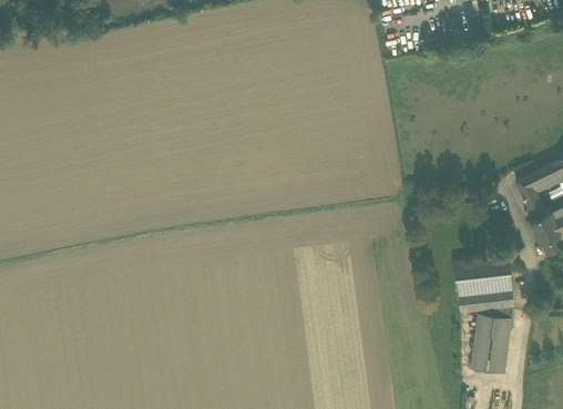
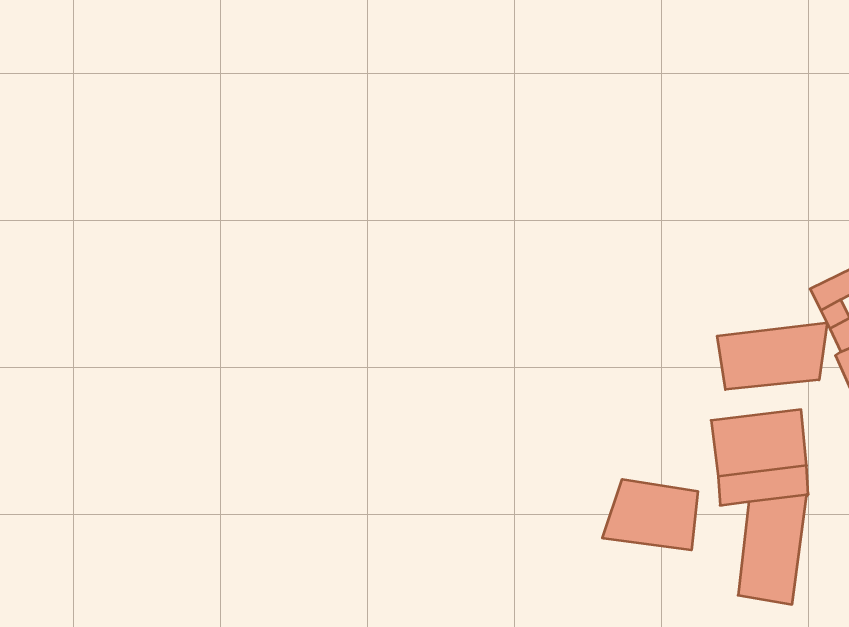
building: none -> [717,323,827,390]
building: none -> [602,479,698,550]

